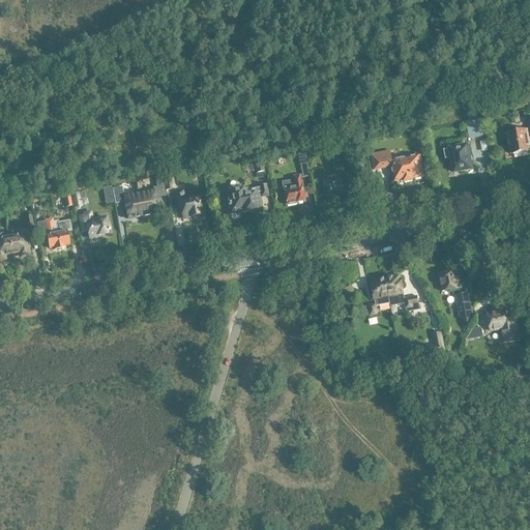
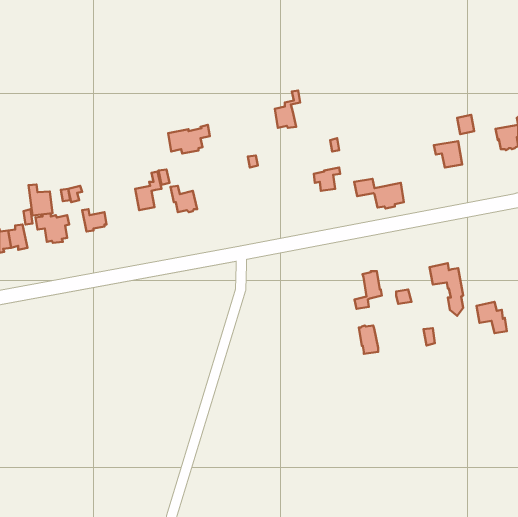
building: [371,150,421,180] -> [354,179,404,208]
building: [282,163,307,201] -> [275,90,300,128]
building: [225,182,267,211] -> [168,125,210,153]
building: [111,185,142,217] -> none
building: none -> [29,185,52,216]
building: [384,274,404,303] -> [359,325,378,354]

